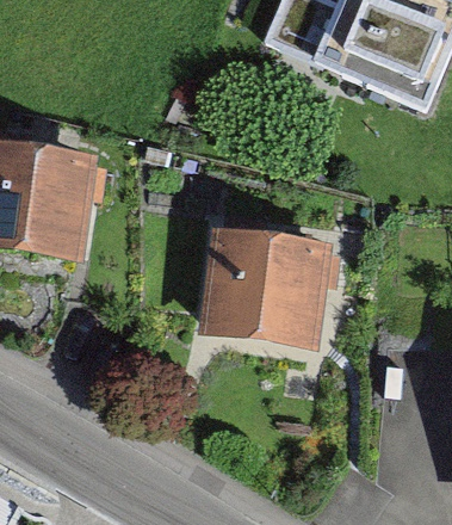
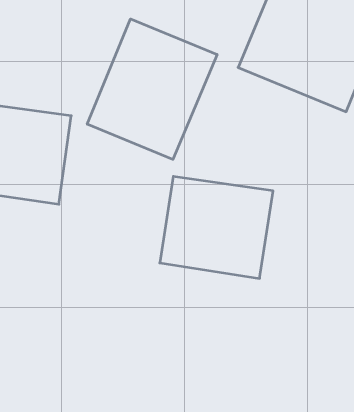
building: none -> [87,19,217,159]

